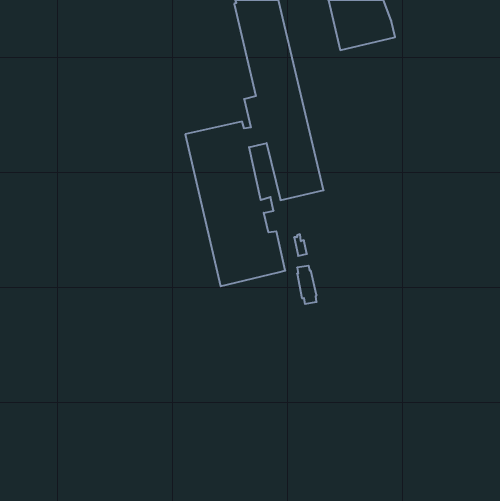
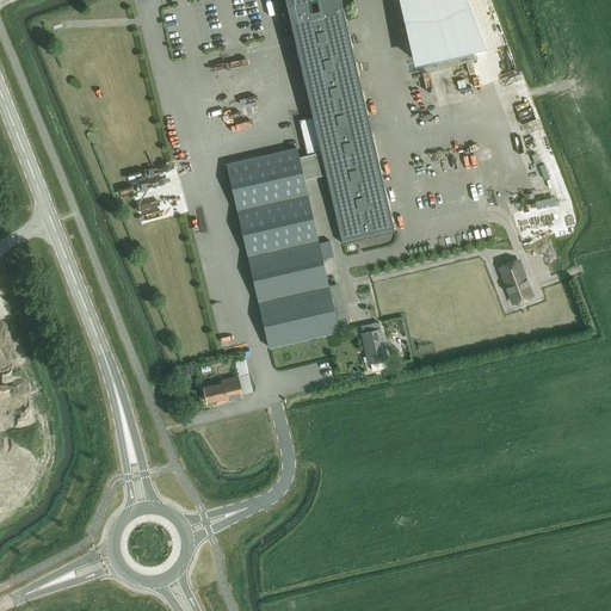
building: none -> [496,259,533,307]
building: none -> [202,375,252,402]

